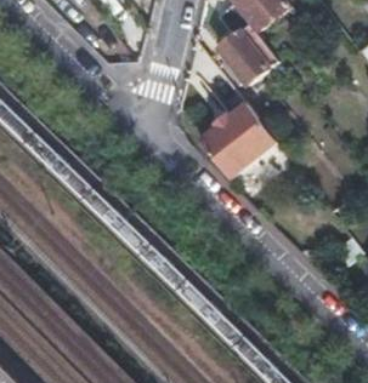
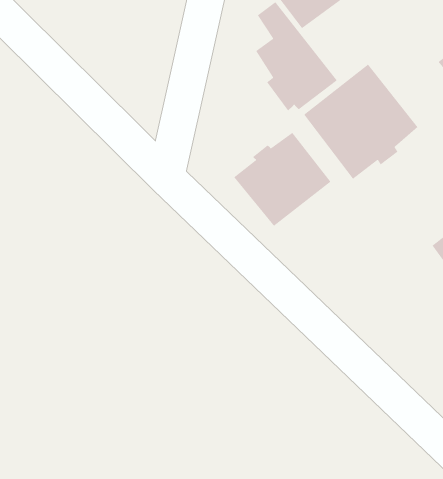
building: none -> [303,63,418,180]

